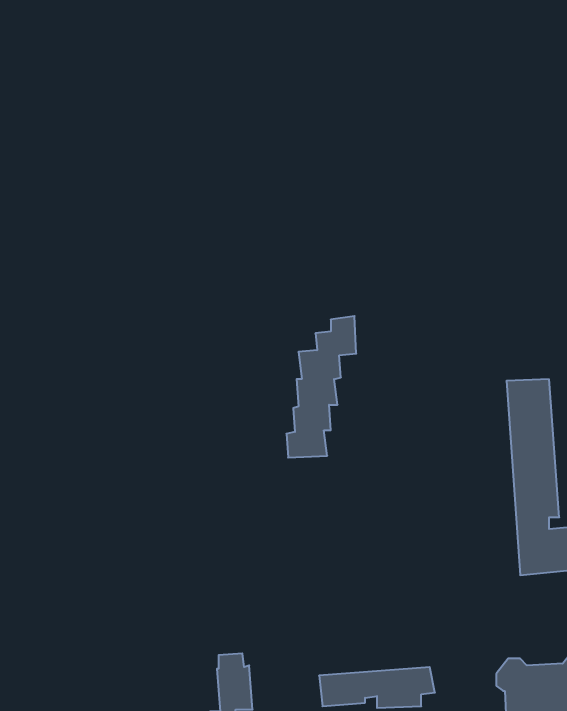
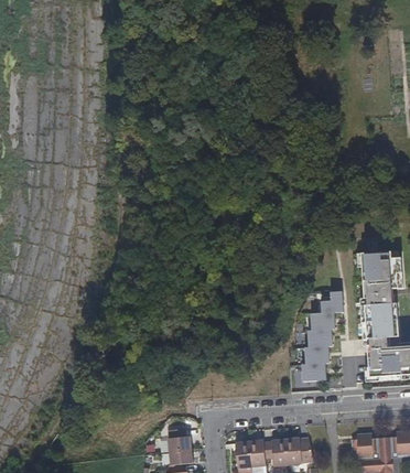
building: [286,316,356,458] -> [299,291,344,383]

